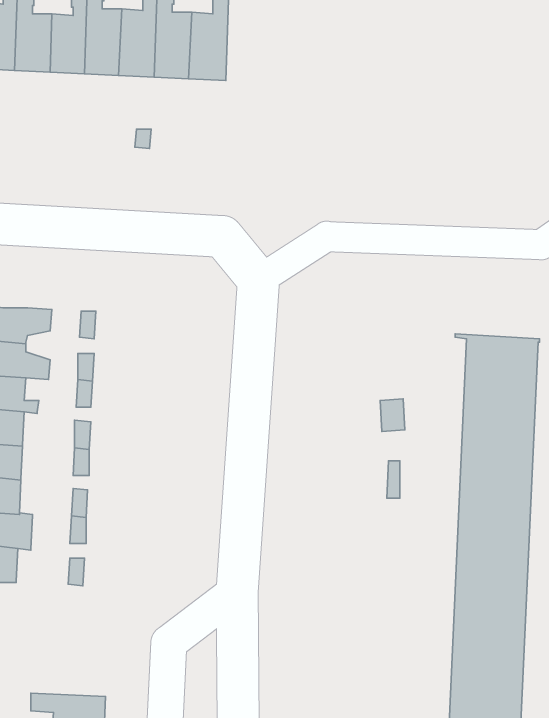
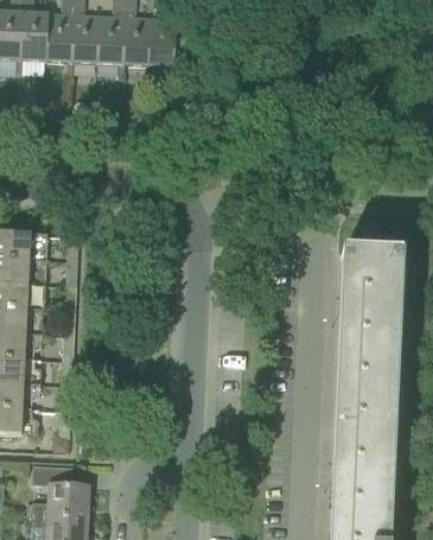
building: none -> [31,464,87,516]

